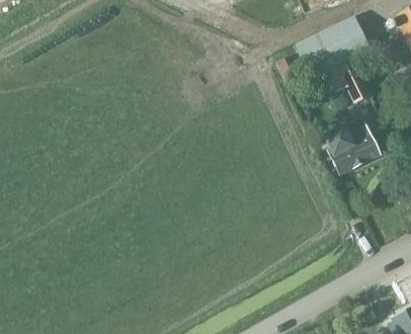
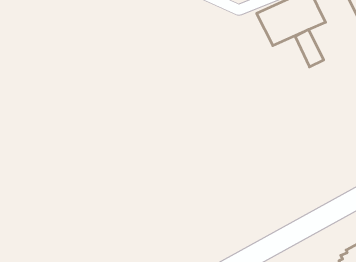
building: [325,118,384,174] -> none

